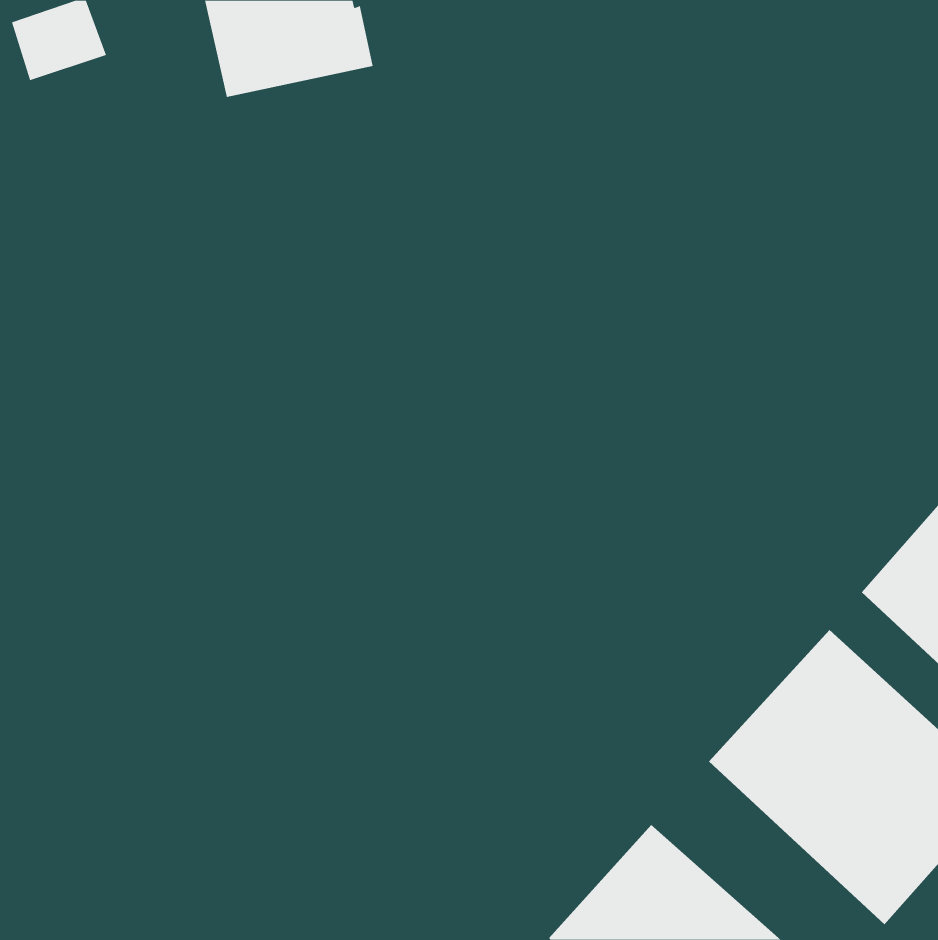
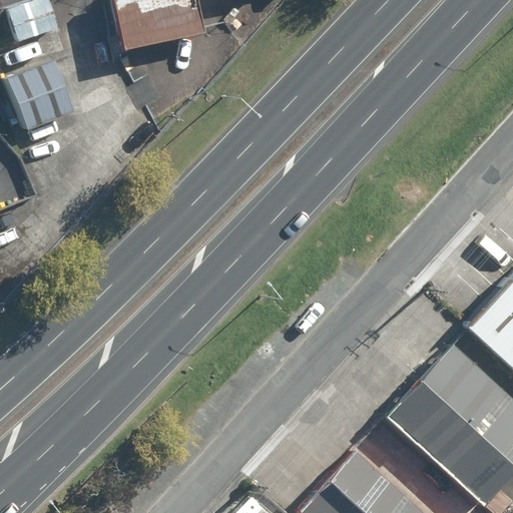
building: none -> [7,63,73,133]

